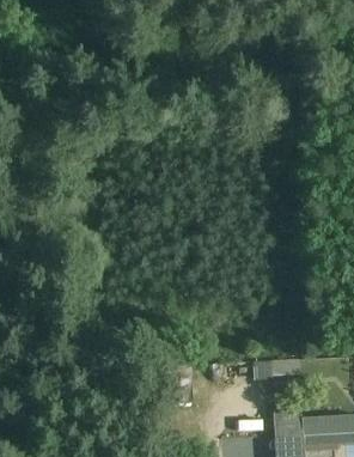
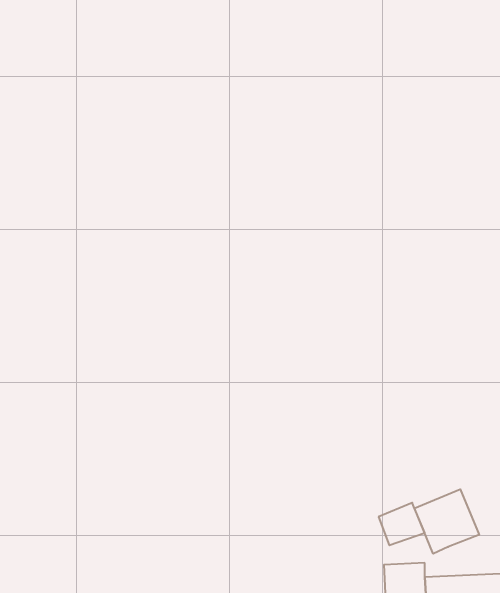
building: none -> [415,489,479,554]

